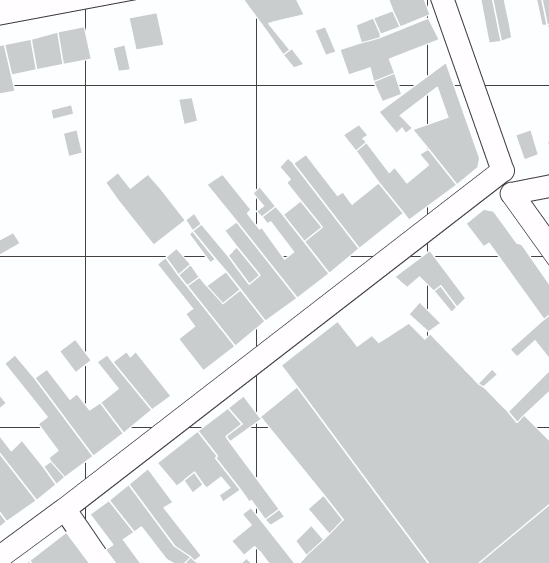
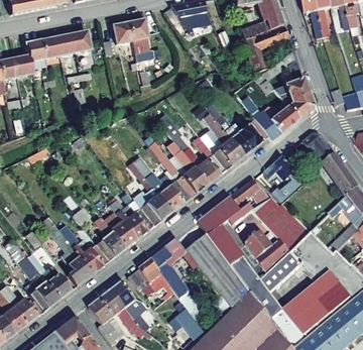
building: none -> [127,18,149,52]
building: [106,172,185,245] -> [108,198,153,239]
building: none -> [230,180,270,207]

